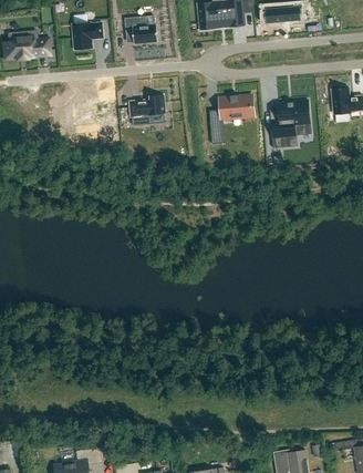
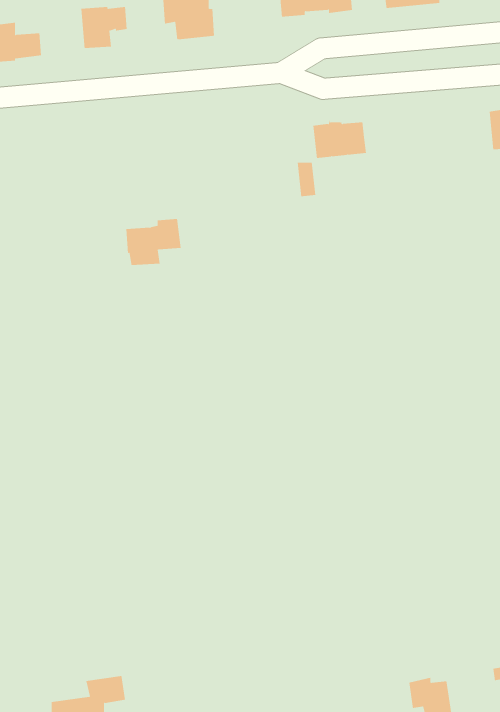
building: [129,95,165,125] -> [125,218,181,266]
building: [271,101,309,148] -> none

